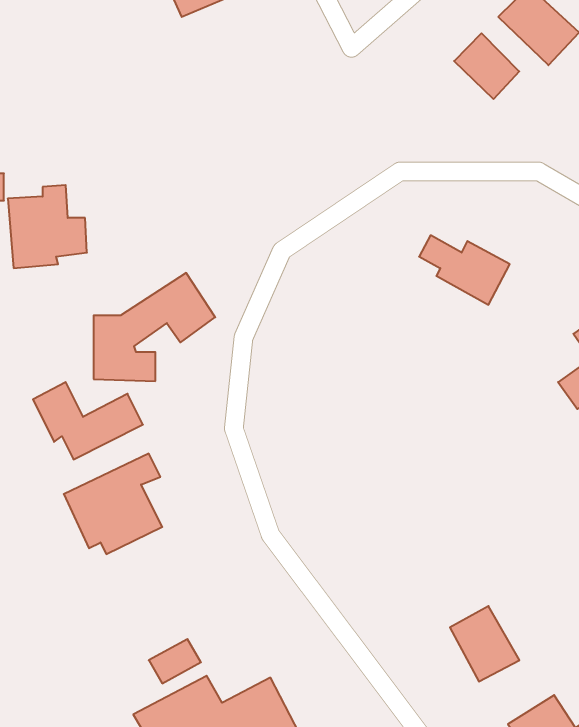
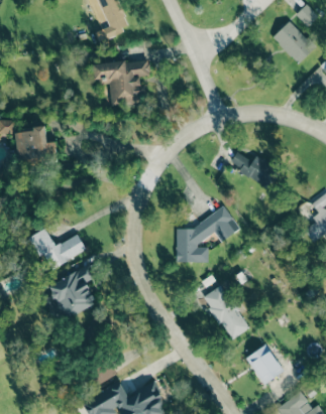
building: [454,33,519,99] -> none
building: none -> [93,59,149,106]
building: [94,273,215,381] -> [176,205,239,262]
building: none -> [202,284,249,339]

